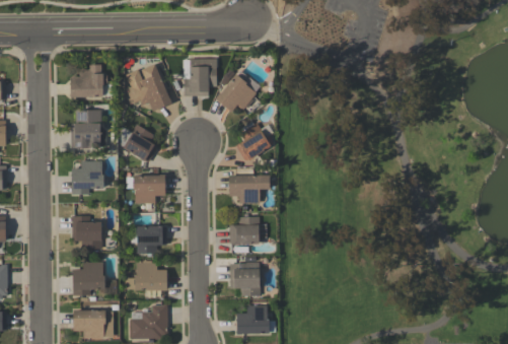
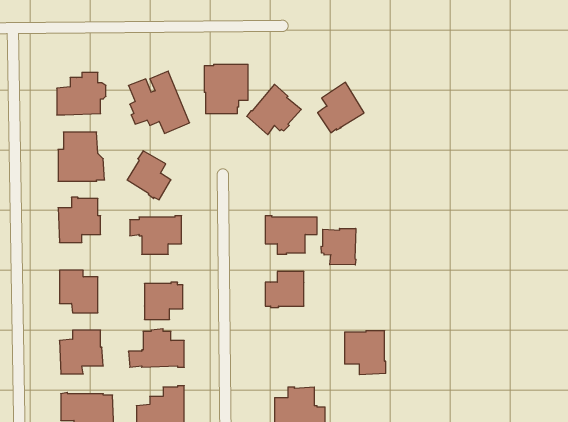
building: [235,122,271,160] -> [318,82,364,133]
building: none -> [321,228,356,265]
building: [229,262,261,295] -> [345,331,386,375]

